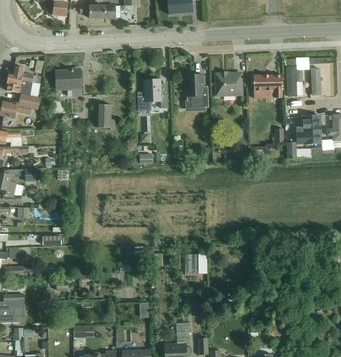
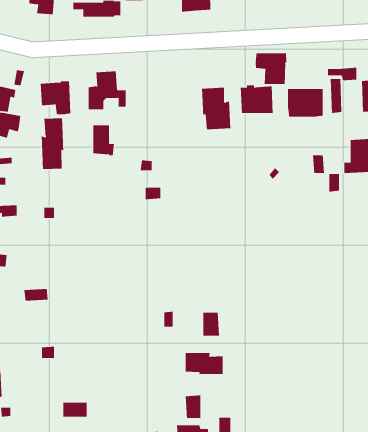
building: none -> [255,53,287,85]
building: [137,79,168,110] -> [88,71,127,110]
building: none -> [41,117,64,170]
building: none -> [185,352,223,375]

